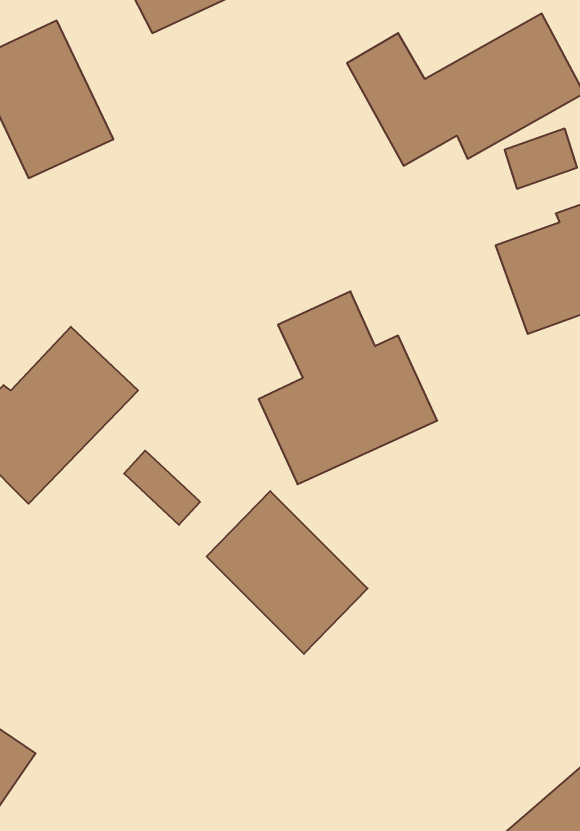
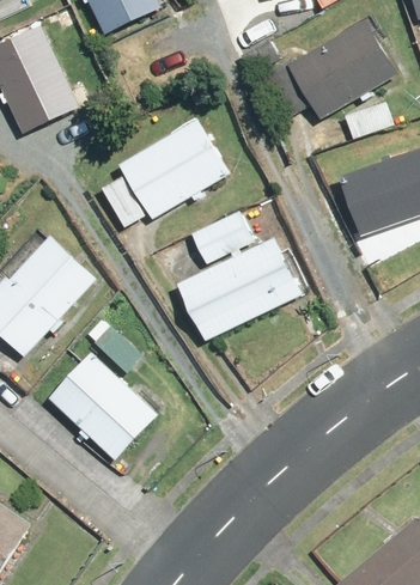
building: none -> [102,118,230,228]
building: [207,491,368,654] -> [49,351,158,461]

